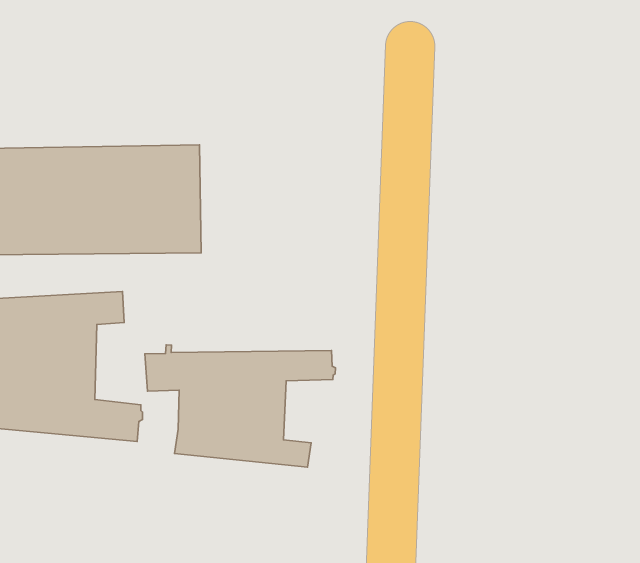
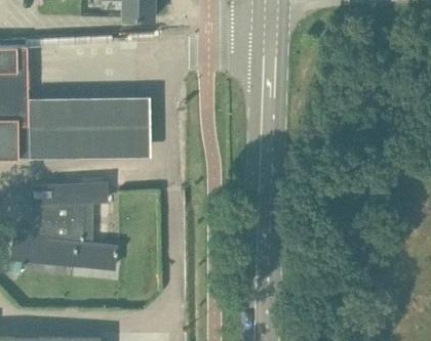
building: [145,345,336,467] -> none

